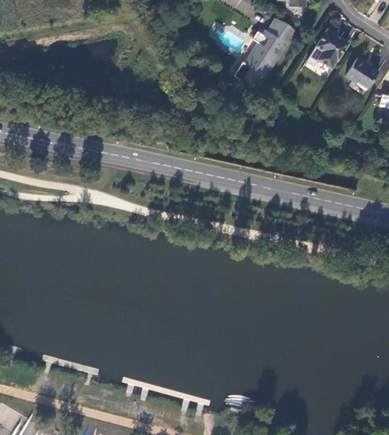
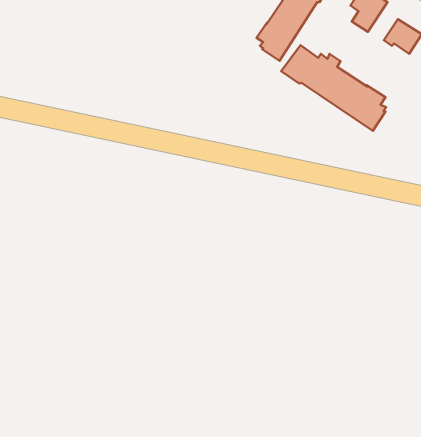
building: none -> [281,45,386,131]

